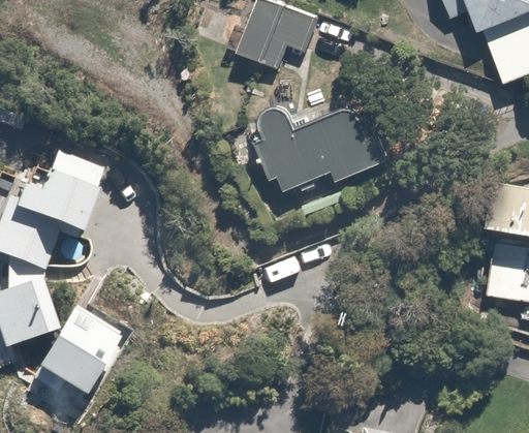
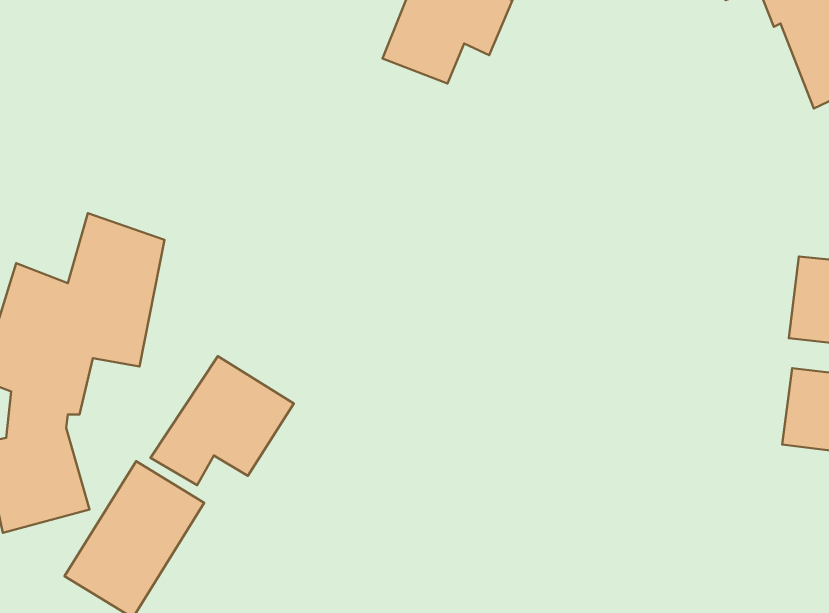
building: [254,99,378,193] -> none
building: none -> [150,356,294,485]

